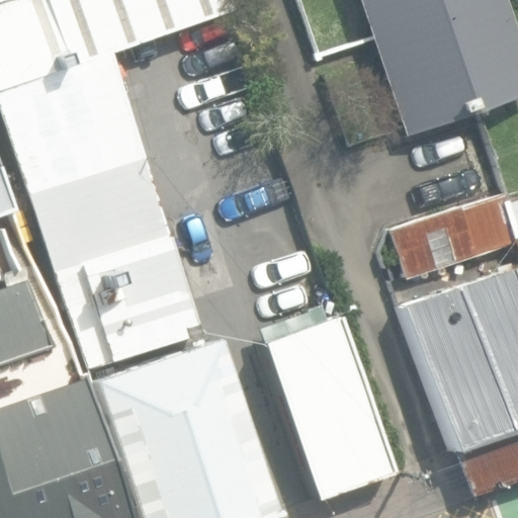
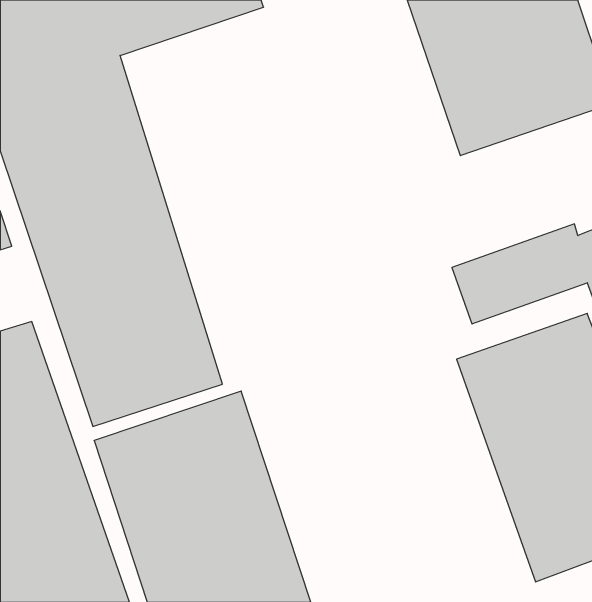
building: [263,307,394,499] -> none

